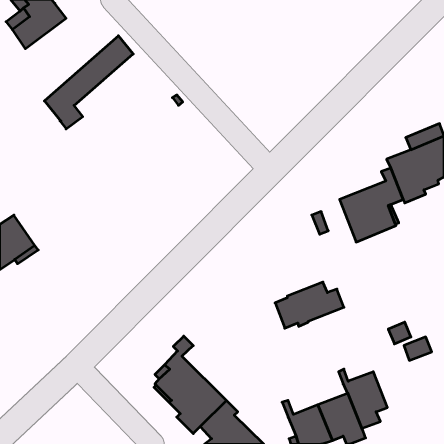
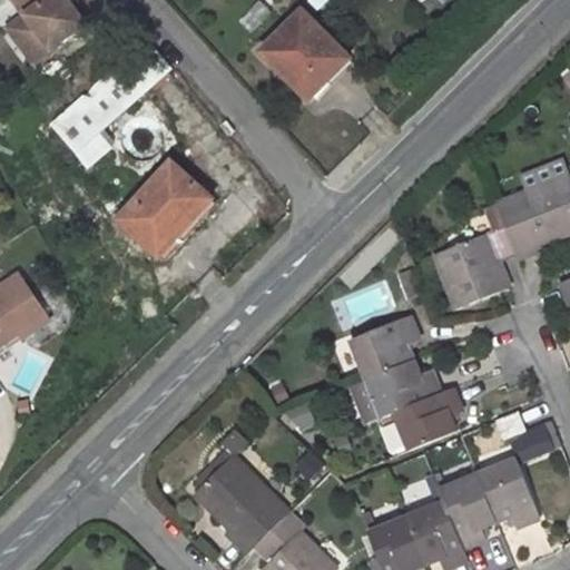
building: none -> [262,11,348,98]
building: none -> [117,161,212,256]
building: none -> [351,316,419,379]
building: none -> [394,389,462,450]
building: none -> [478,460,540,527]

